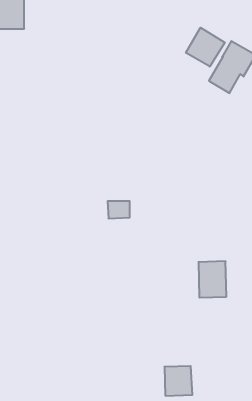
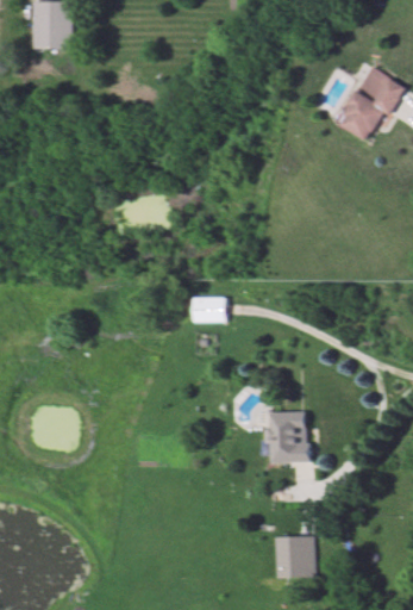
building: [186,28,225,67] -> none
building: [198,261,226,298] -> [268,411,308,463]

